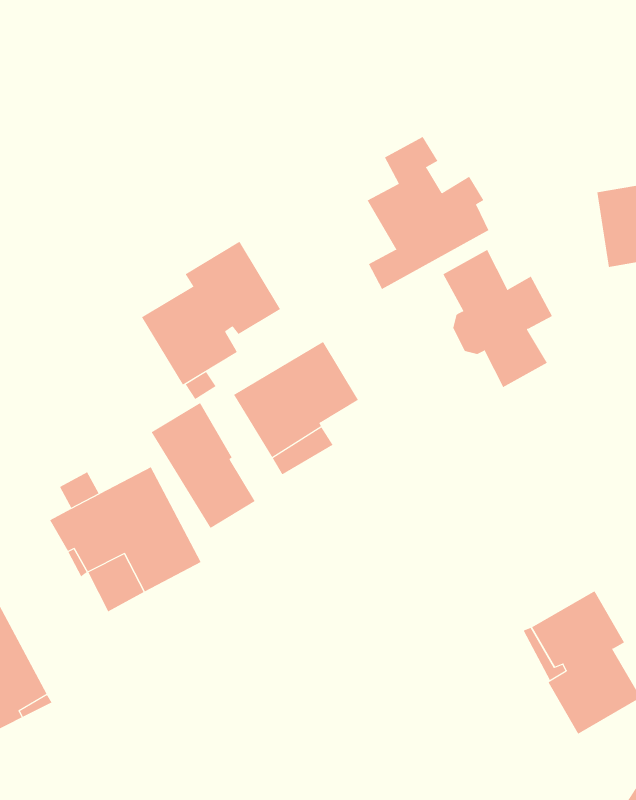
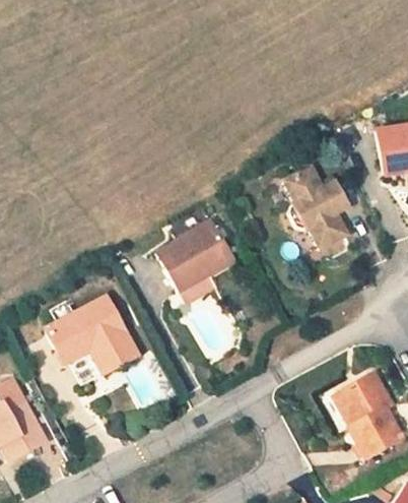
building: [367,136,489,290] -> none
building: [141,241,281,386] -> none
building: [151,402,256,529] -> none

